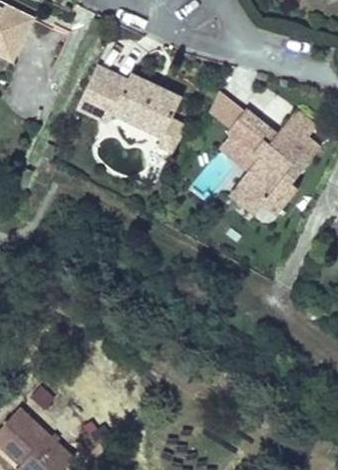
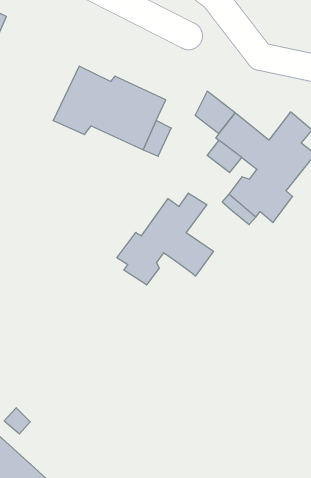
building: none -> [117,193,213,285]

